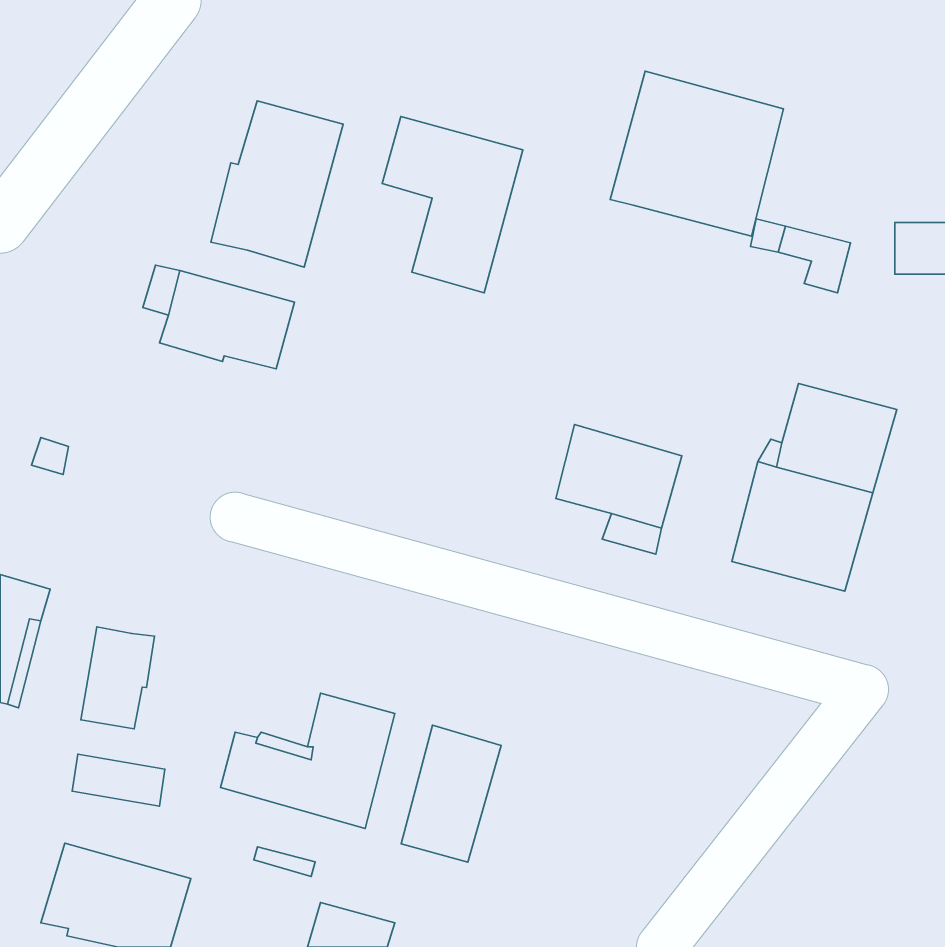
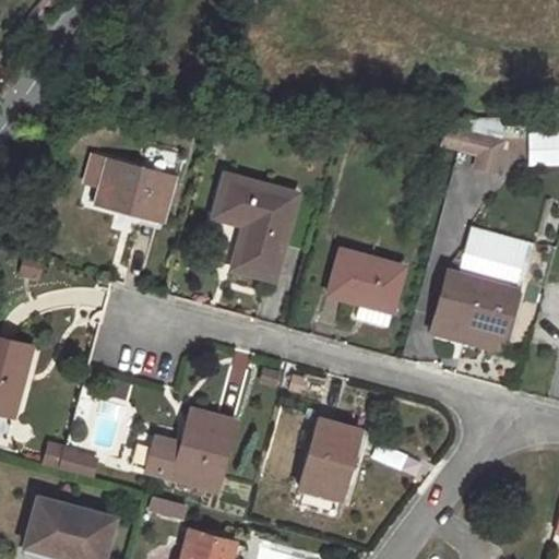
building: [610,71,784,236] -> none
building: [211,101,343,267] -> none
building: [382,117,523,293] -> [214,176,297,280]
building: [81,627,154,729] -> none
building: [401,725,501,862] -> [300,419,359,500]

